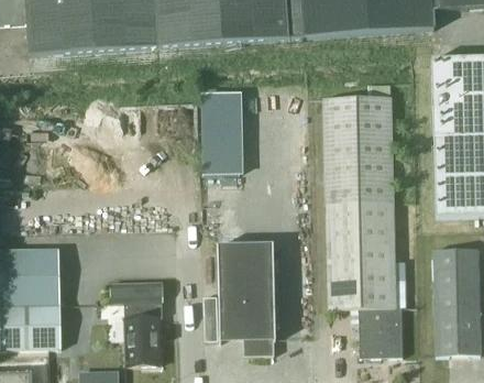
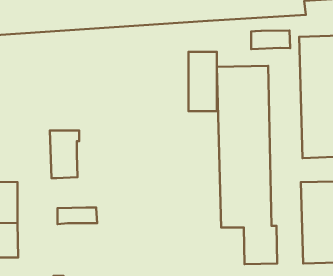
building: none -> [251,30,290,49]
building: [211,89,249,167] -> [188,52,217,111]
building: [216,242,274,354] -> none
building: [127,303,165,365] -> [50,130,79,178]

